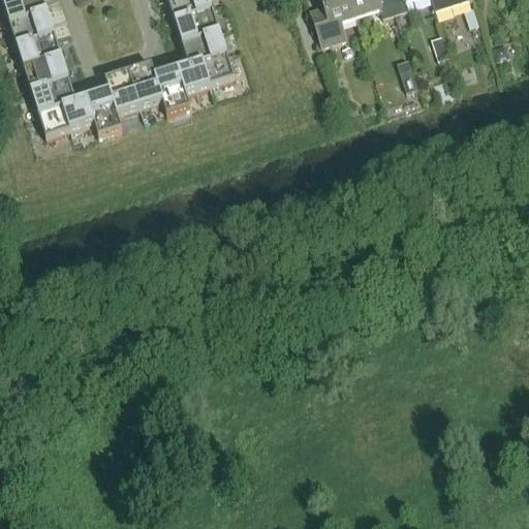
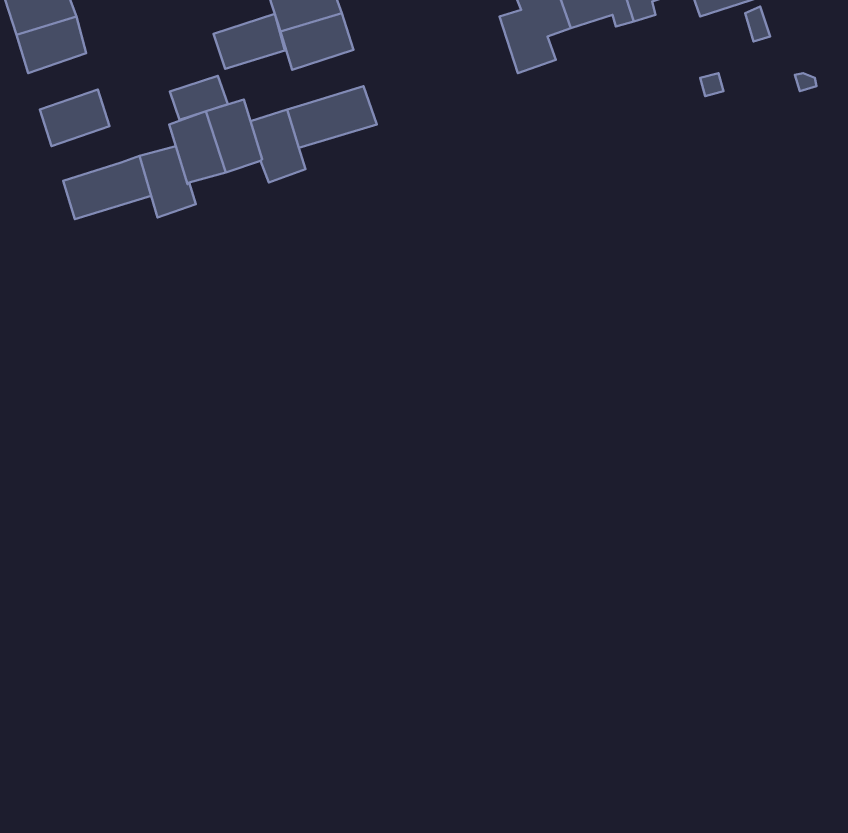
building: [182,31,226,65] -> [213,14,285,69]
building: [18,33,61,68] -> none
building: none -> [170,76,228,120]
building: [32,79,75,113] -> none

